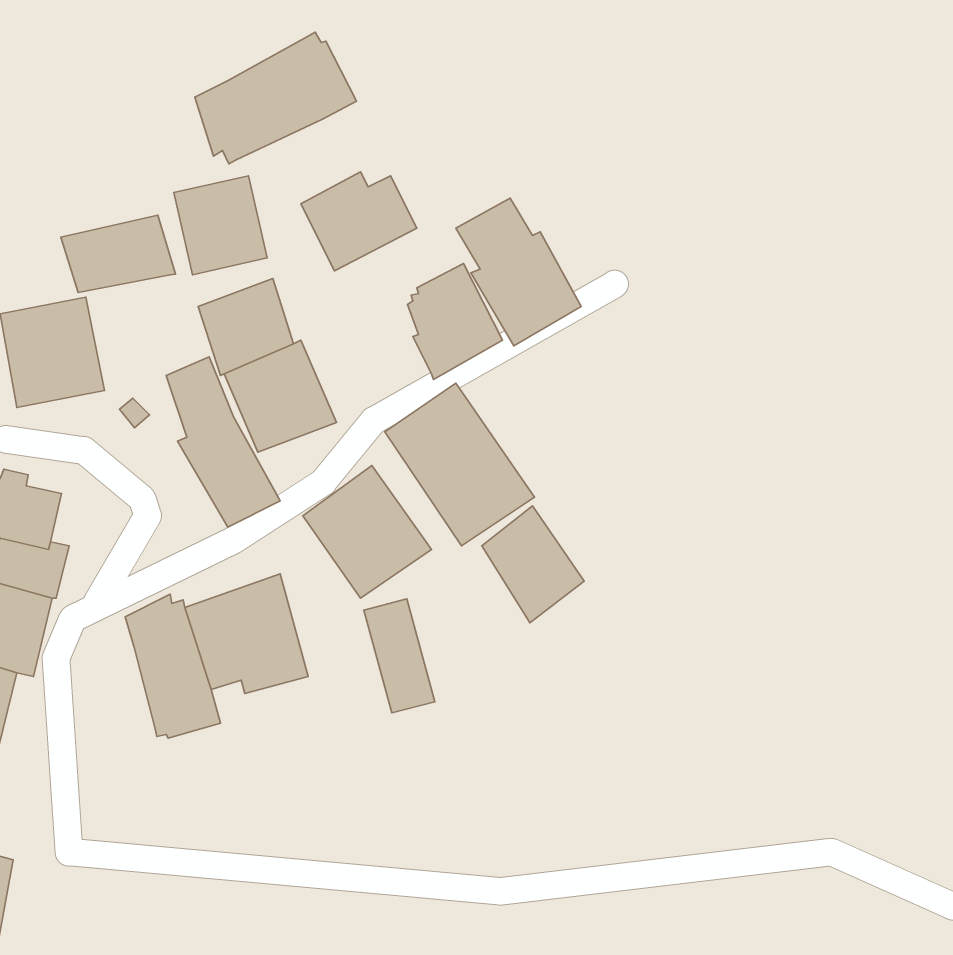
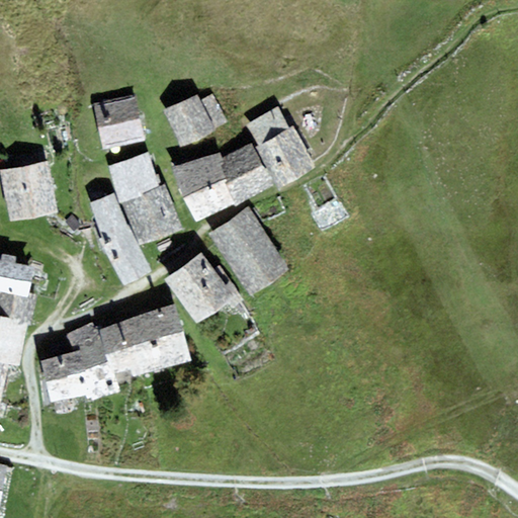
building: [195,32,357,164] -> none
building: [61,215,175,293] -> none
building: none -> [172,153,234,221]
building: [482,506,584,623] -> none
building: [364,599,435,713] -> [152,305,190,366]
building: none -> [39,351,84,403]

